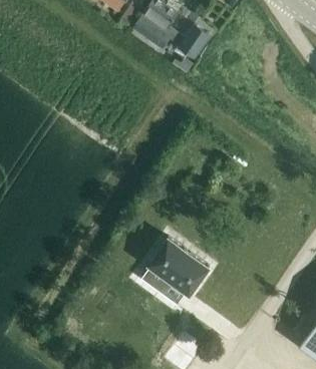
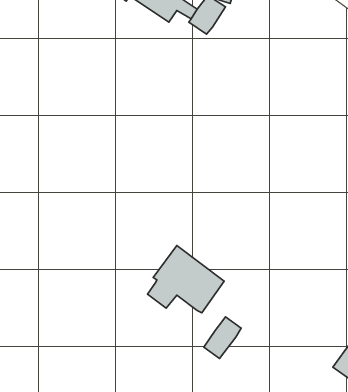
building: none -> [204,317,241,359]

